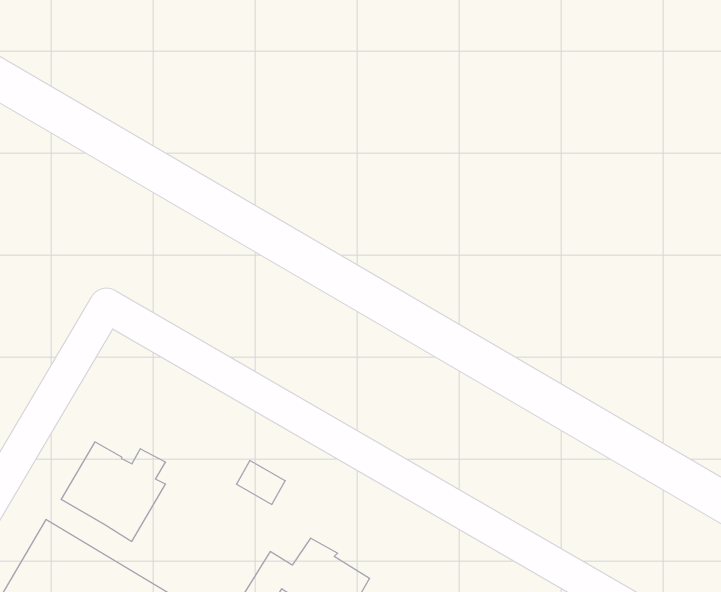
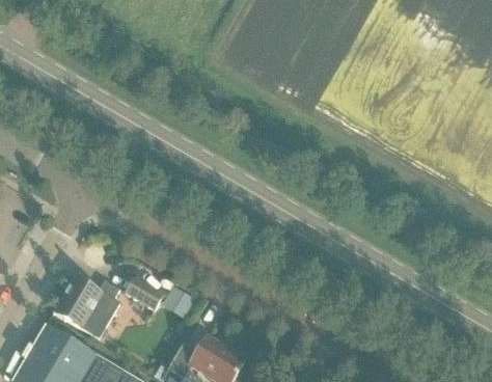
building: none -> [124,277,162,308]

